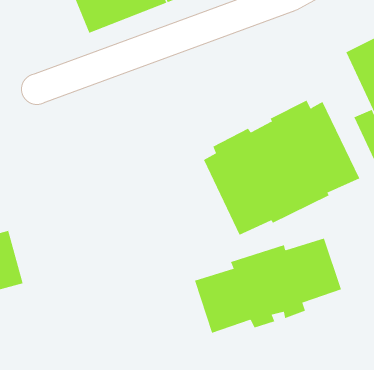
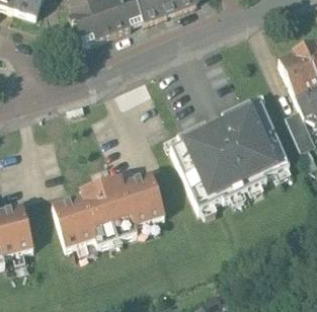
building: [194,238,342,334] -> [53,166,165,239]

